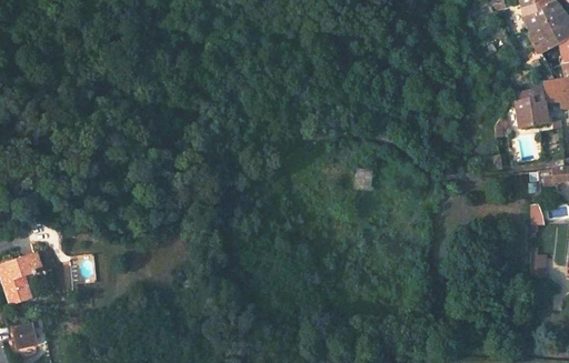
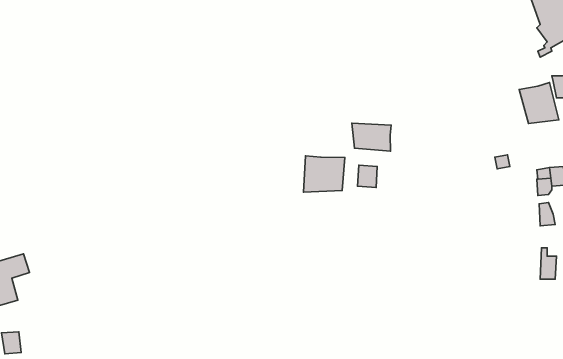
building: none -> [352,123,391,151]
building: none -> [304,156,345,192]

